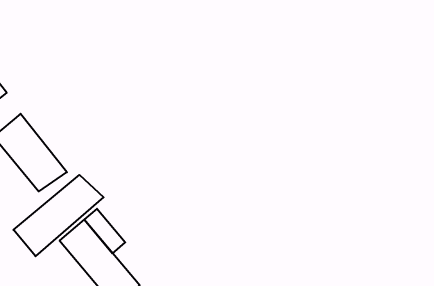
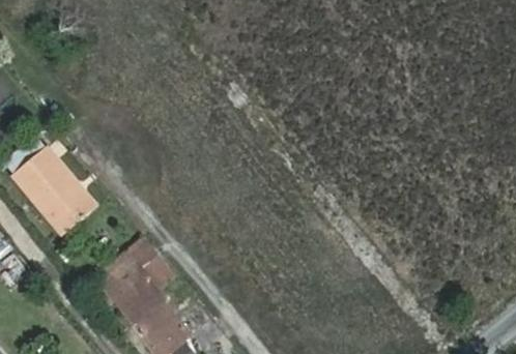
building: [13,175,104,256] -> none

